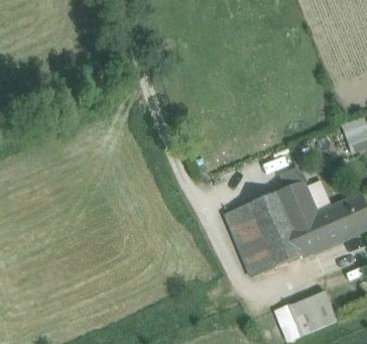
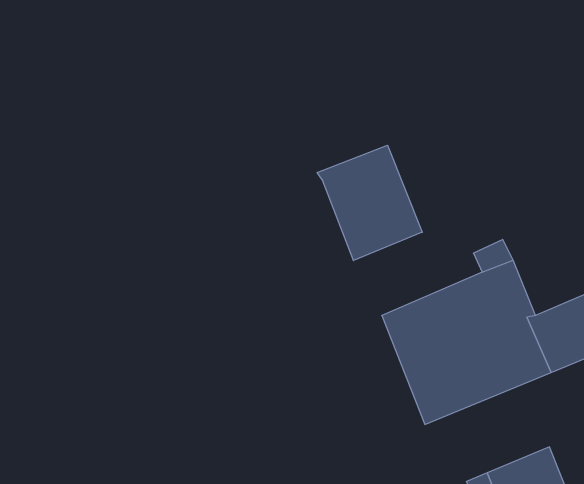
building: none -> [317,145,422,261]

